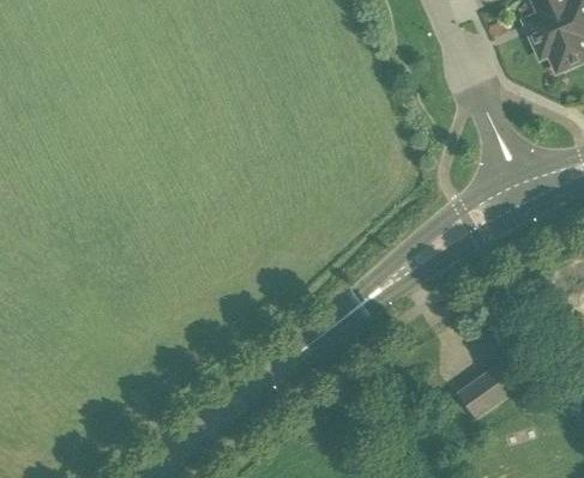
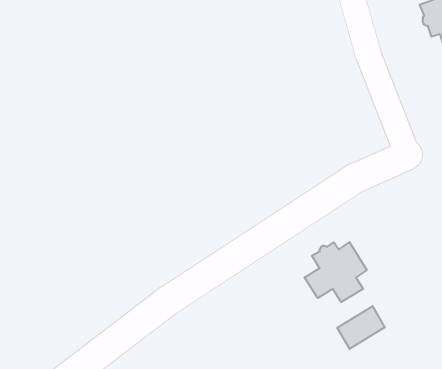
building: none -> [304,242,367,302]

